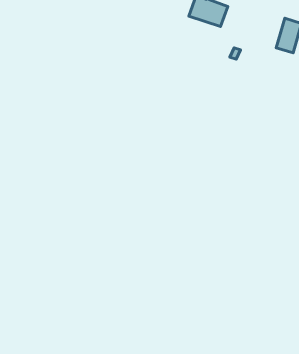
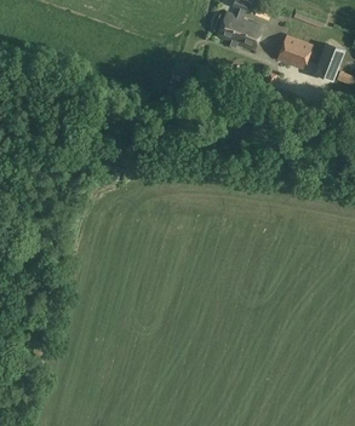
building: none -> [276,34,313,69]

